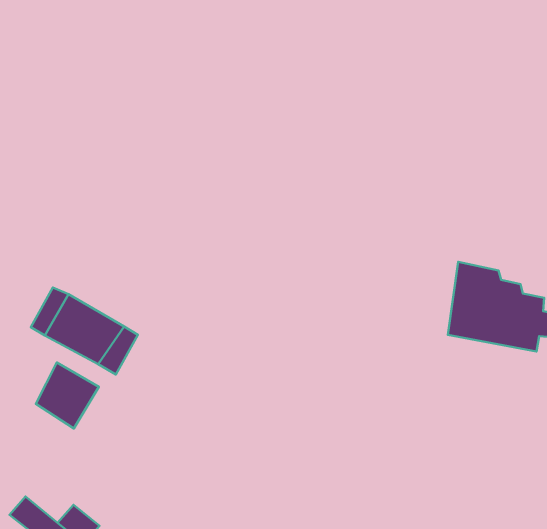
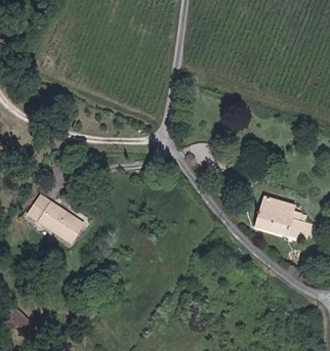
building: [36,363,99,429] -> none

